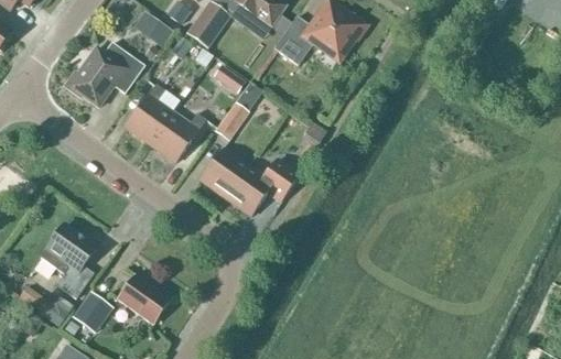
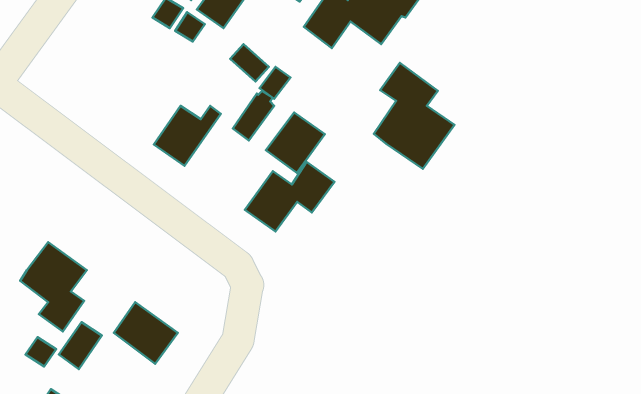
building: [65,41,144,106] -> none
building: none -> [374,63,454,169]
building: [126,83,173,143] -> none
building: [201,148,249,197] -> [266,113,325,173]

